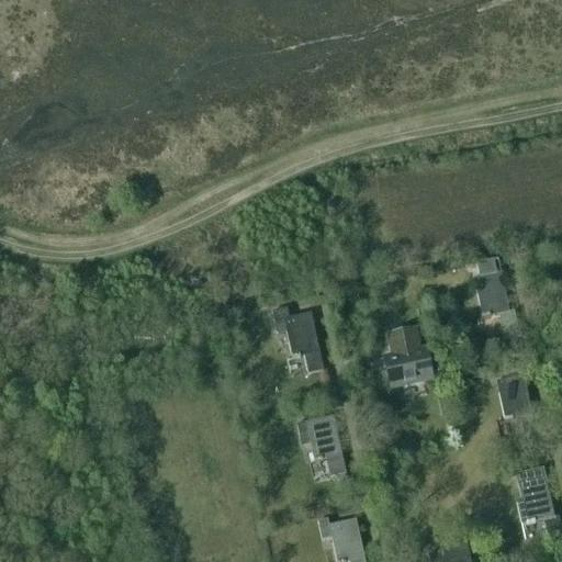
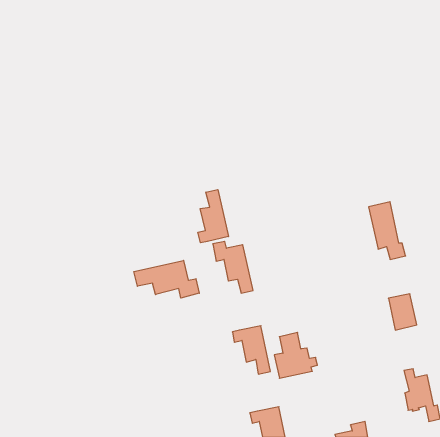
building: none -> [198,190,228,243]
building: [383,328,438,386] -> [274,332,317,378]
building: none -> [134,260,199,298]

